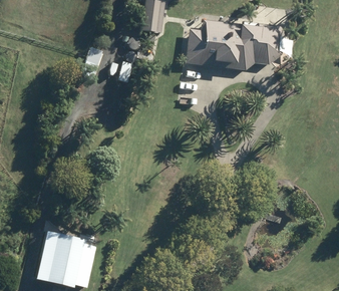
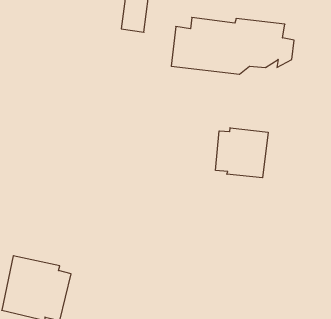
building: none -> [216,128,268,178]

